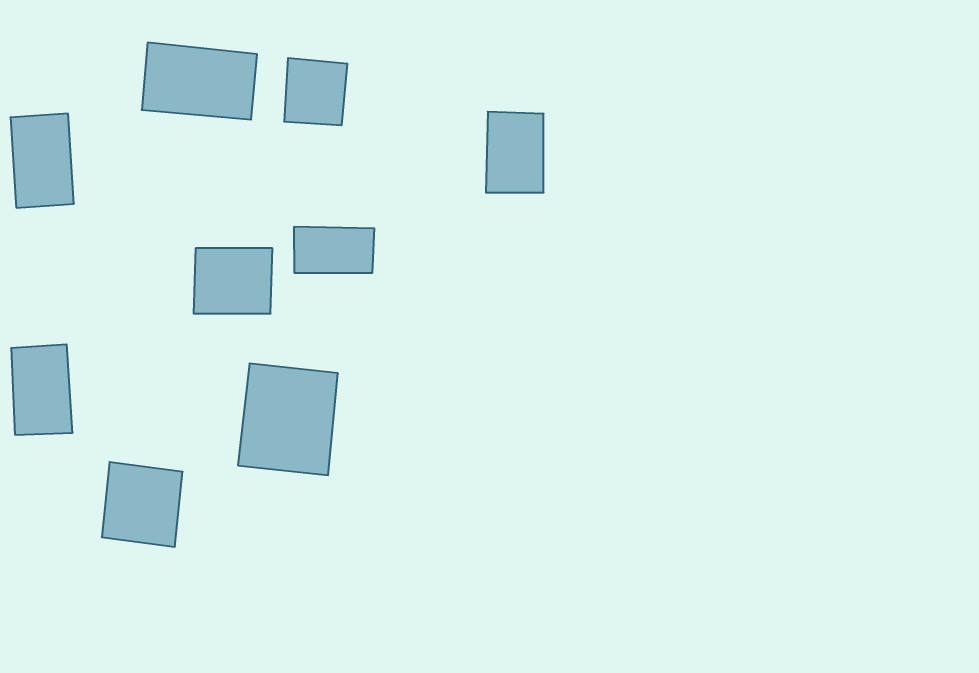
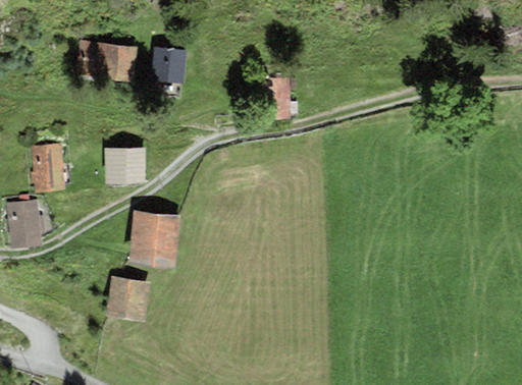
building: [10,114,74,208] -> [31,142,64,191]
building: [294,227,374,273] -> none
building: [102,462,183,547] -> [107,276,150,321]

